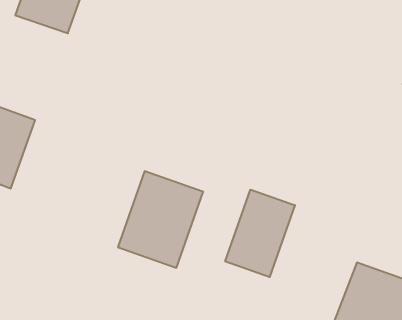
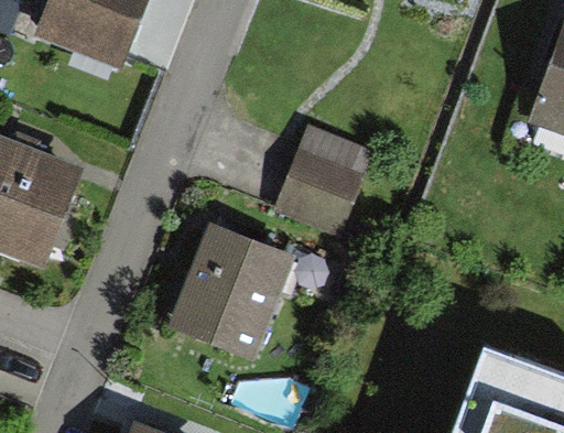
building: none -> [279,140,359,228]
building: [225,190,295,277] -> none

